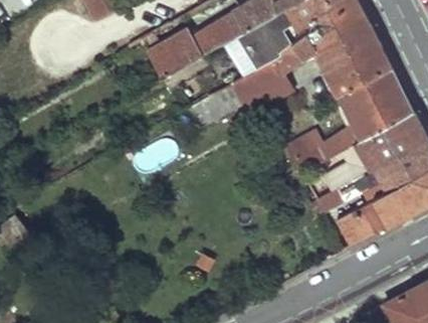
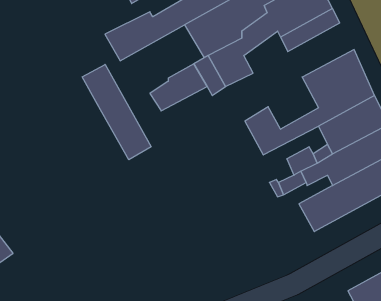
building: [326,41,391,95] -> none
building: none -> [82,64,151,160]

